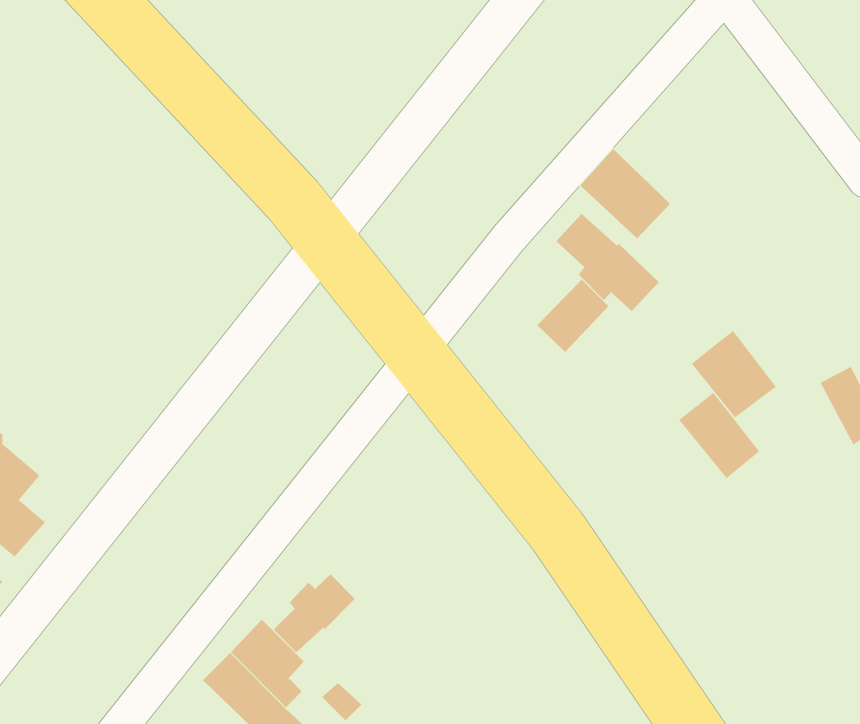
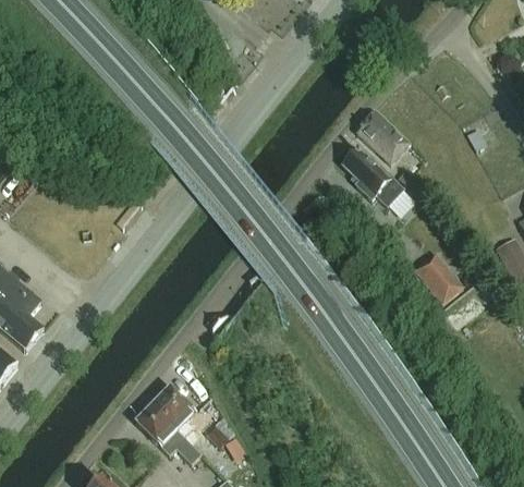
building: [536,279,609,353] -> none
building: [691,330,777,418] -> none
building: [273,574,356,653] -> none

